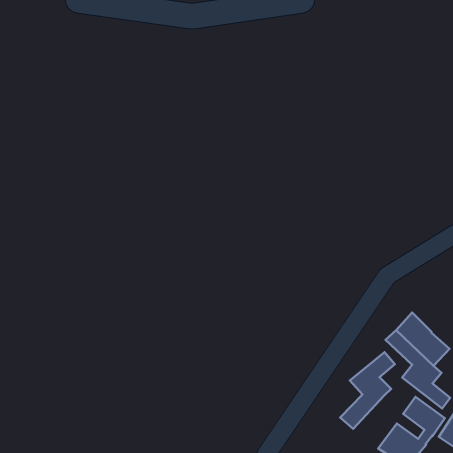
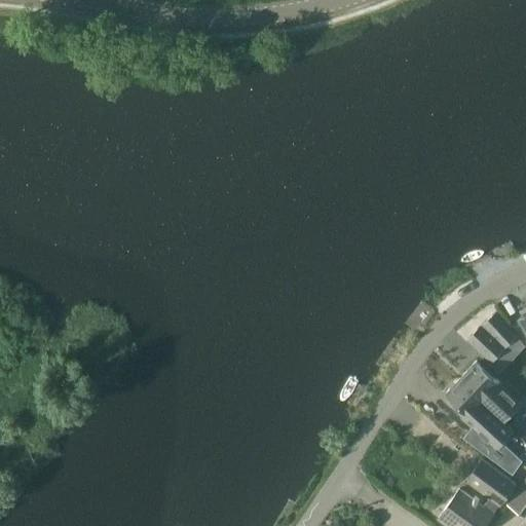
building: none -> [469,313,518,362]
building: [340,352,395,429] -> none

